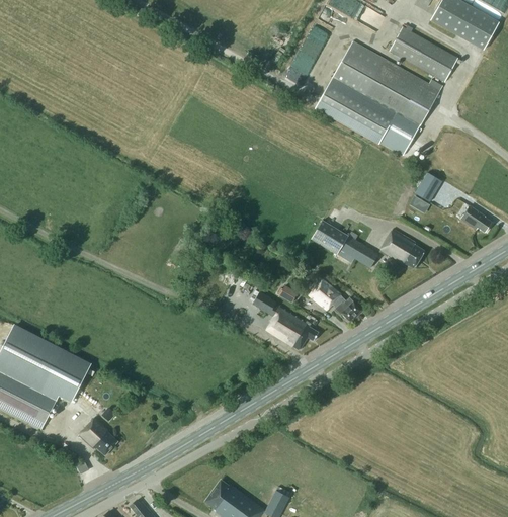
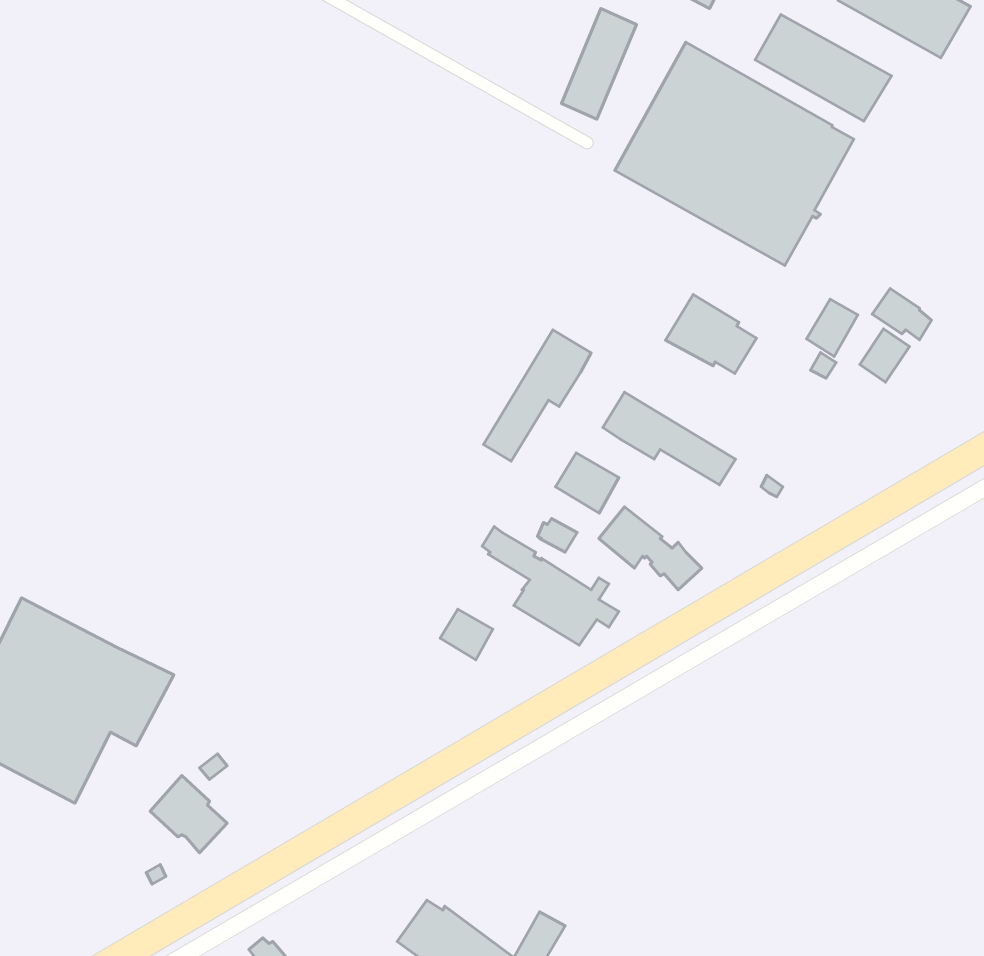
building: none -> [483,330,591,461]
building: [460,205,491,232] -> [872,288,932,340]
building: [378,228,425,268] -> [666,295,757,374]
building: none -> [555,453,619,513]
building: none -> [440,609,493,660]

